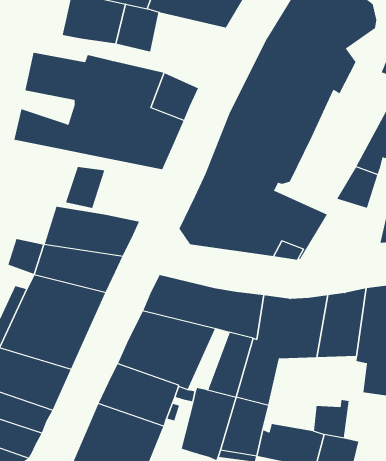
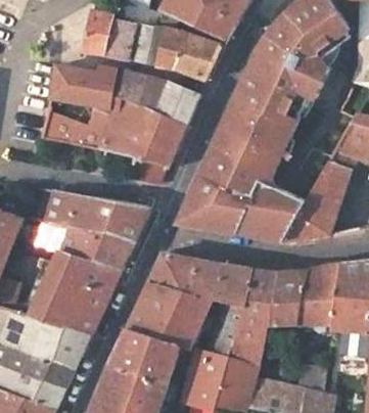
building: none -> [157,30,222,78]
building: [65,166,105,209] -> [43,191,77,227]
building: none -> [285,188,341,239]

